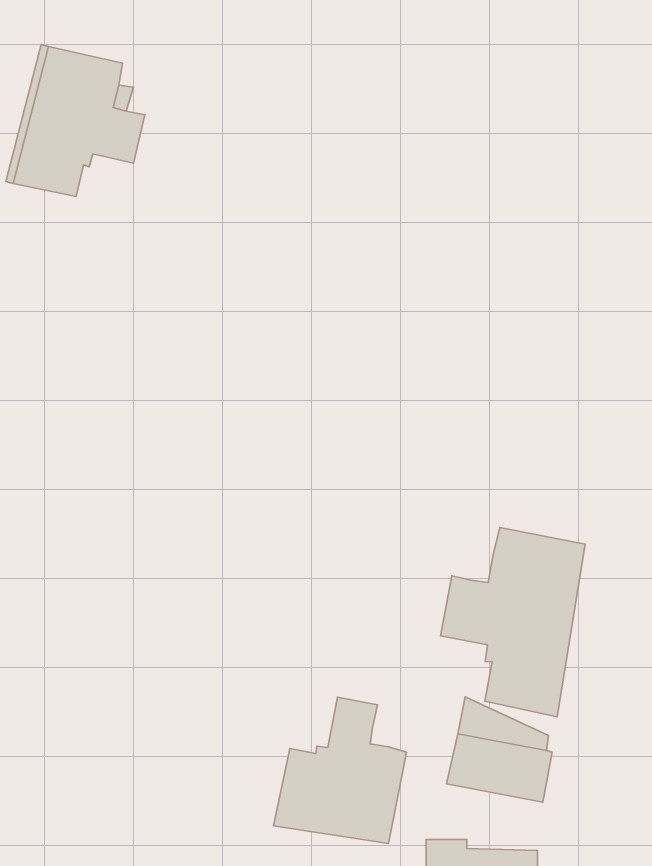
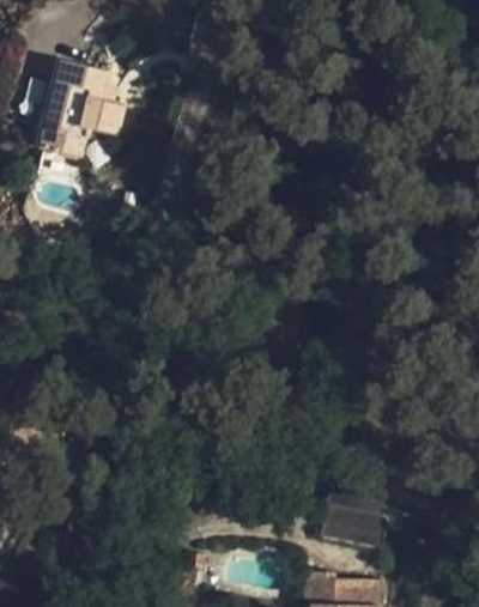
building: [440,528,585,717] -> none
building: [274,697,406,844] -> none

